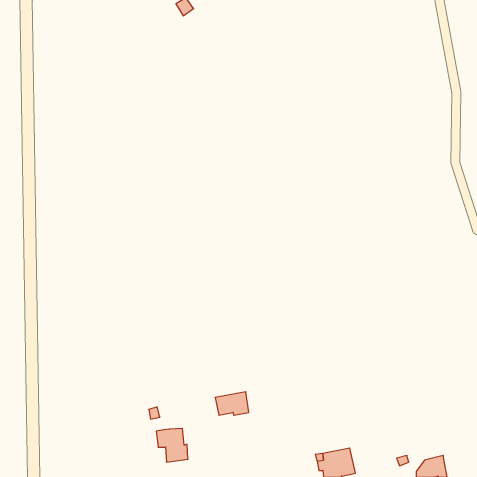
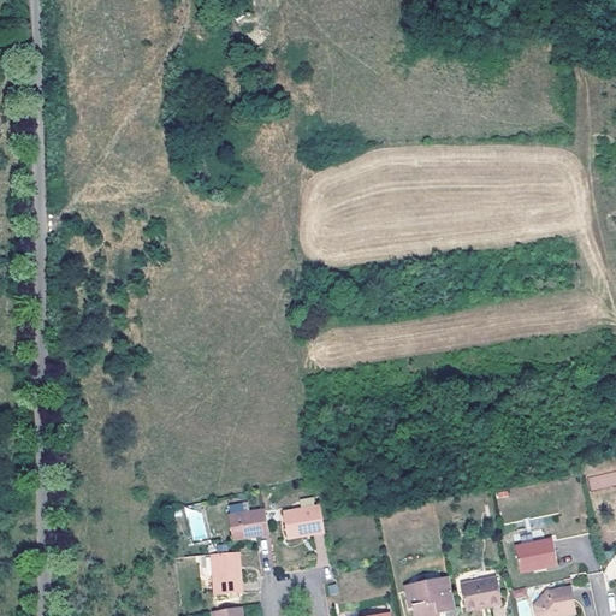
building: none -> [226,507,268,537]
building: none -> [515,537,557,568]
building: none -> [462,576,503,608]

